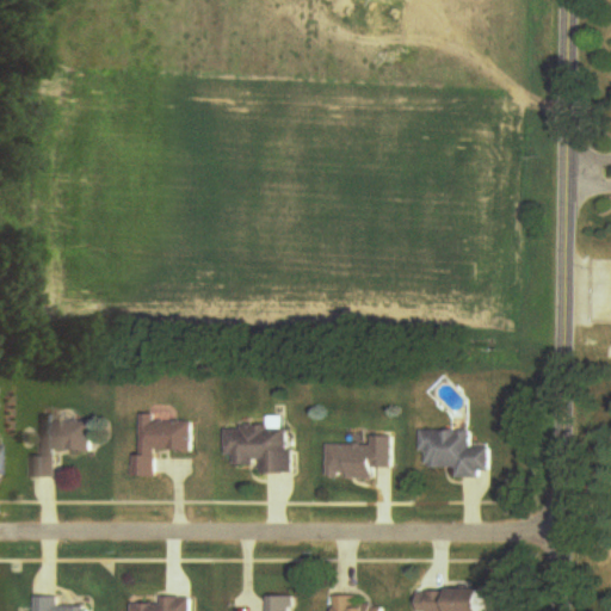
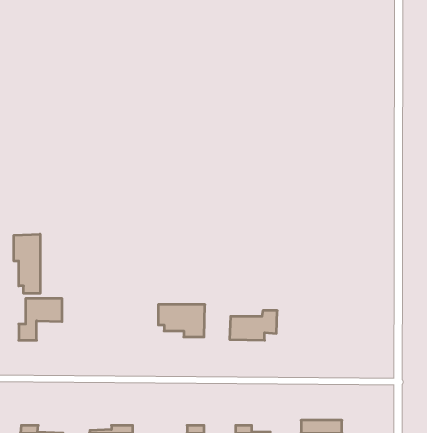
building: none -> [14,234,40,293]
building: [128,414,190,477] -> none
building: [418,430,486,476] -> none

